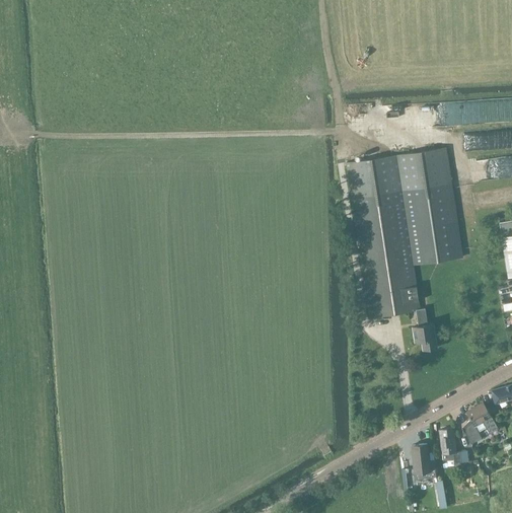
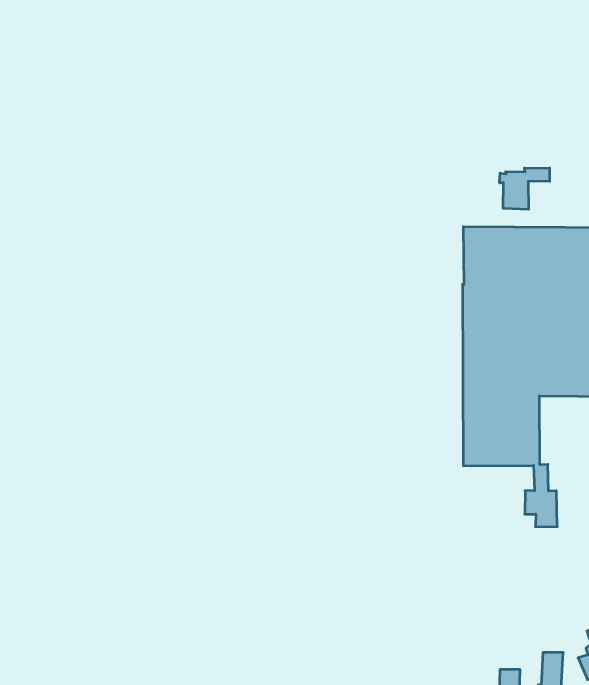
building: none -> [500,168,550,209]

